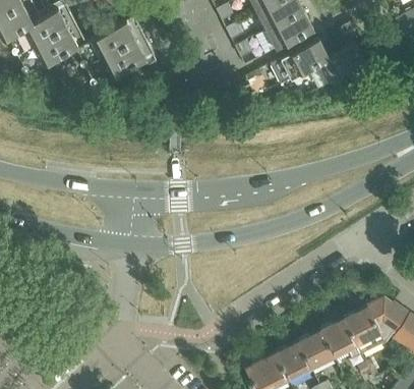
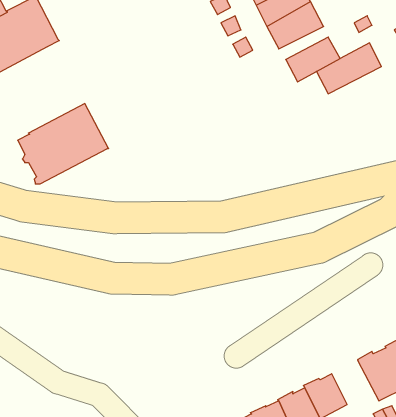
building: [77,16,156,86] -> [18,104,109,184]
building: [321,319,363,358] -> none

